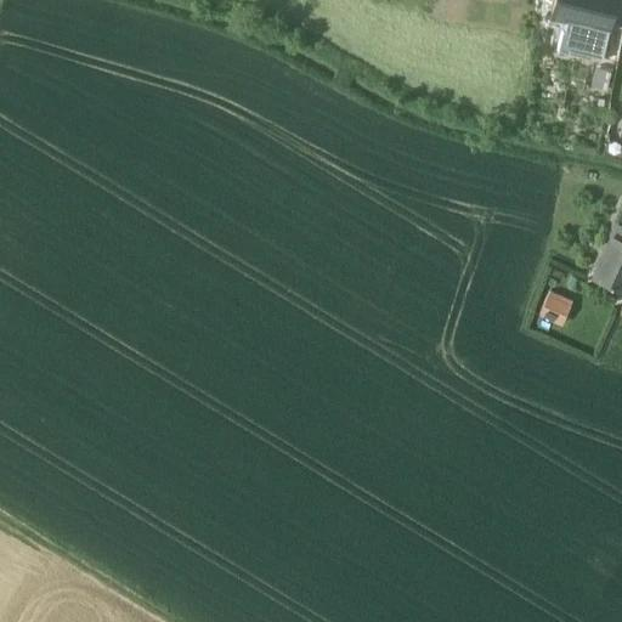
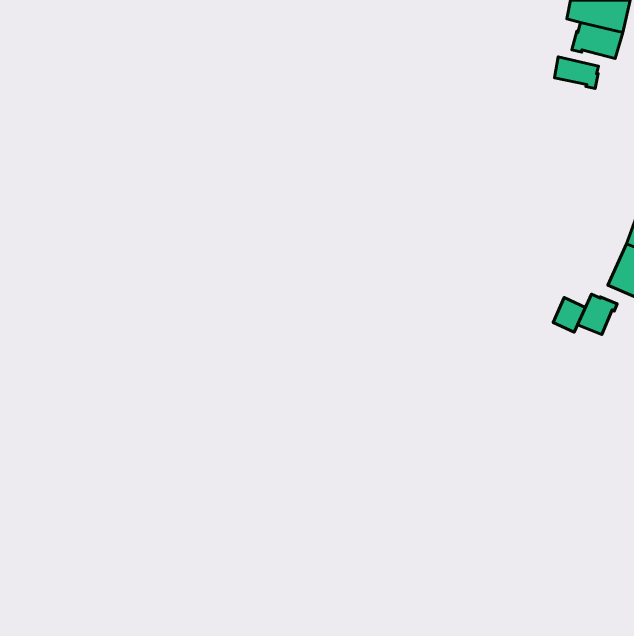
building: none -> [555,57,598,88]
building: none -> [578,294,617,335]

